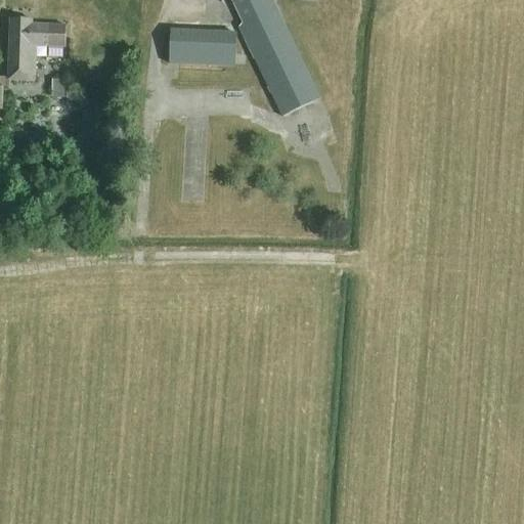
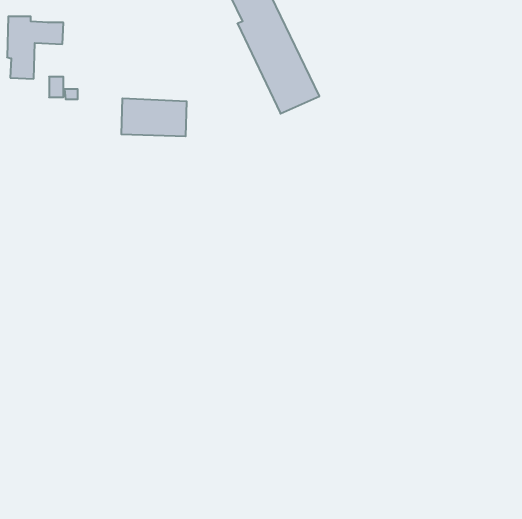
building: [170,28,235,66] -> [121,98,187,136]

